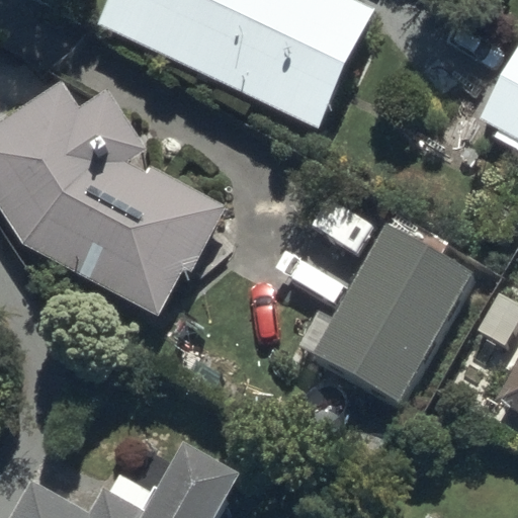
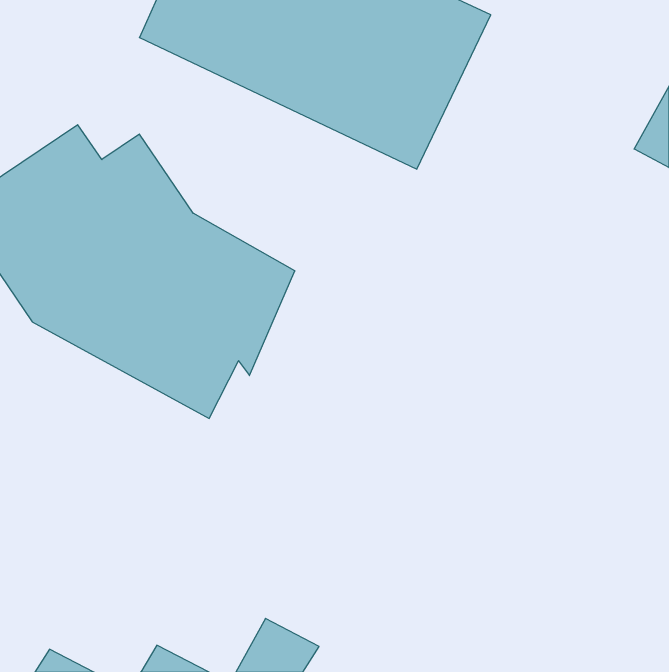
building: [315,220,469,392] -> none

